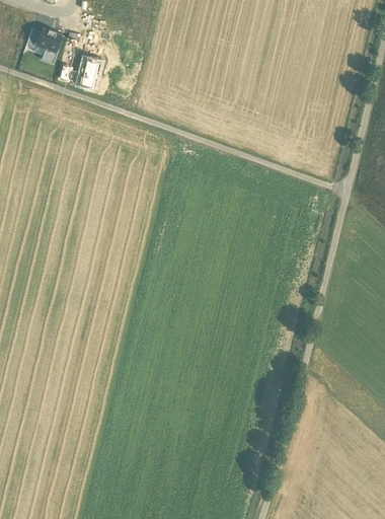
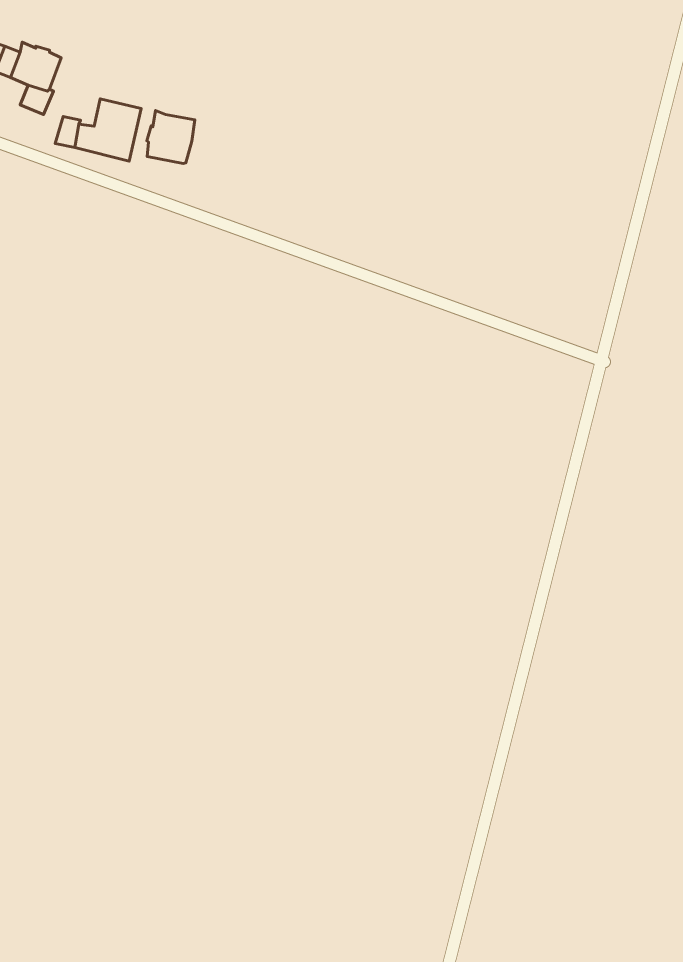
building: none -> [147,111,195,164]

